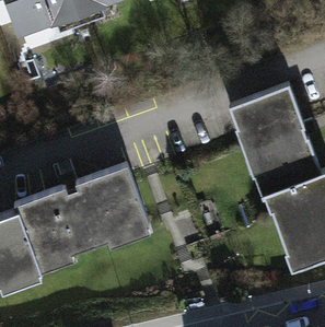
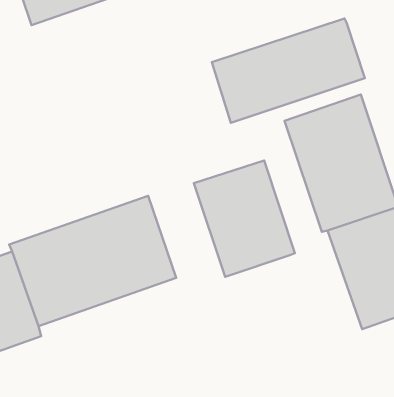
building: none -> [212,18,365,123]
building: none -> [194,160,295,277]

